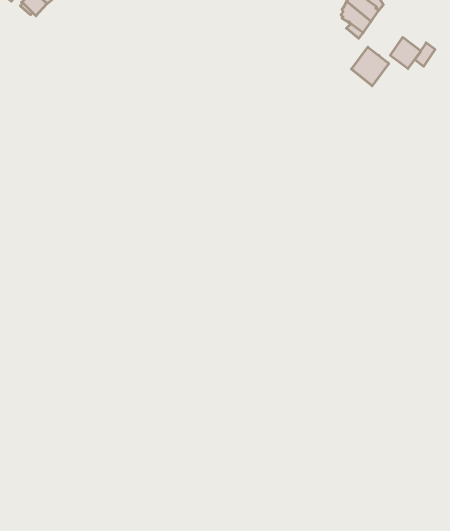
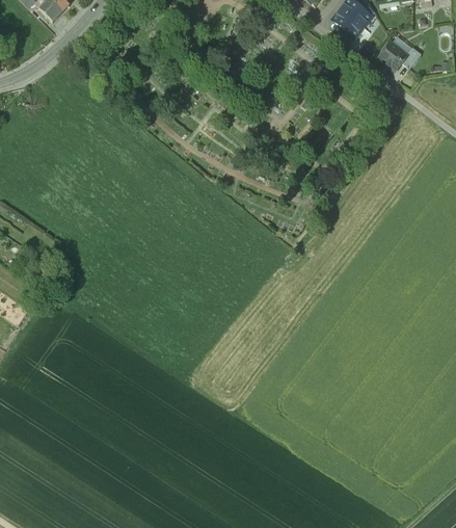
building: [351,47,389,86] -> none

